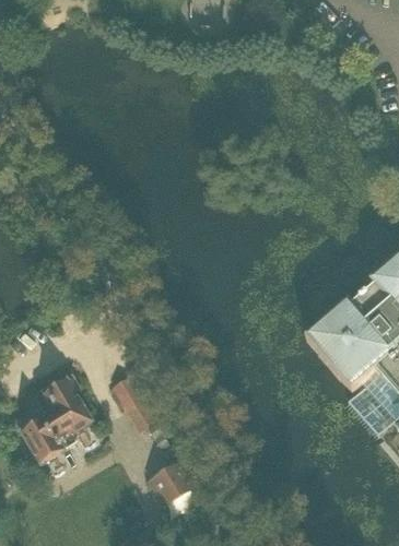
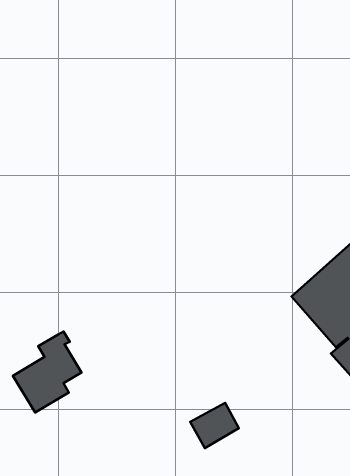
building: [112,376,154,430] -> none
building: [144,461,195,508] -> [190,403,239,448]

